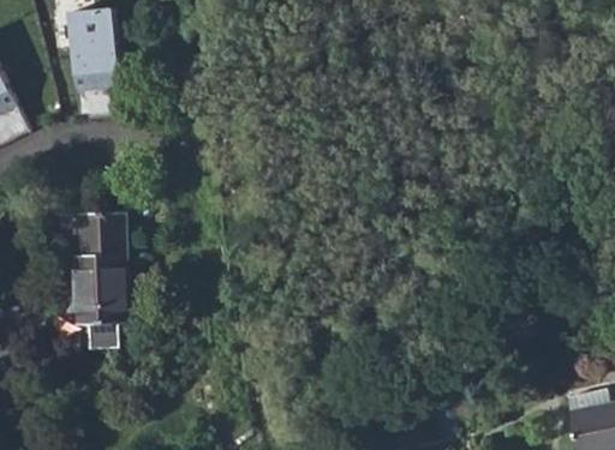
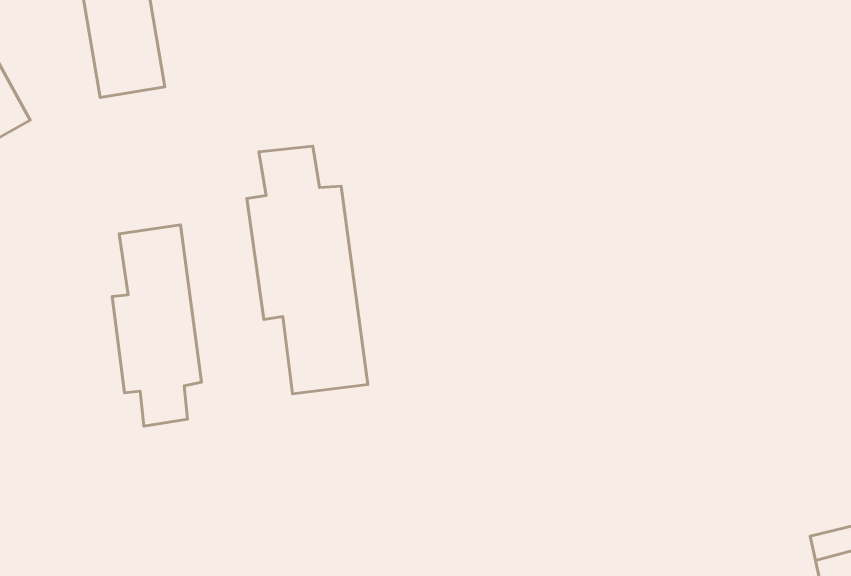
building: none -> [247,146,368,394]

